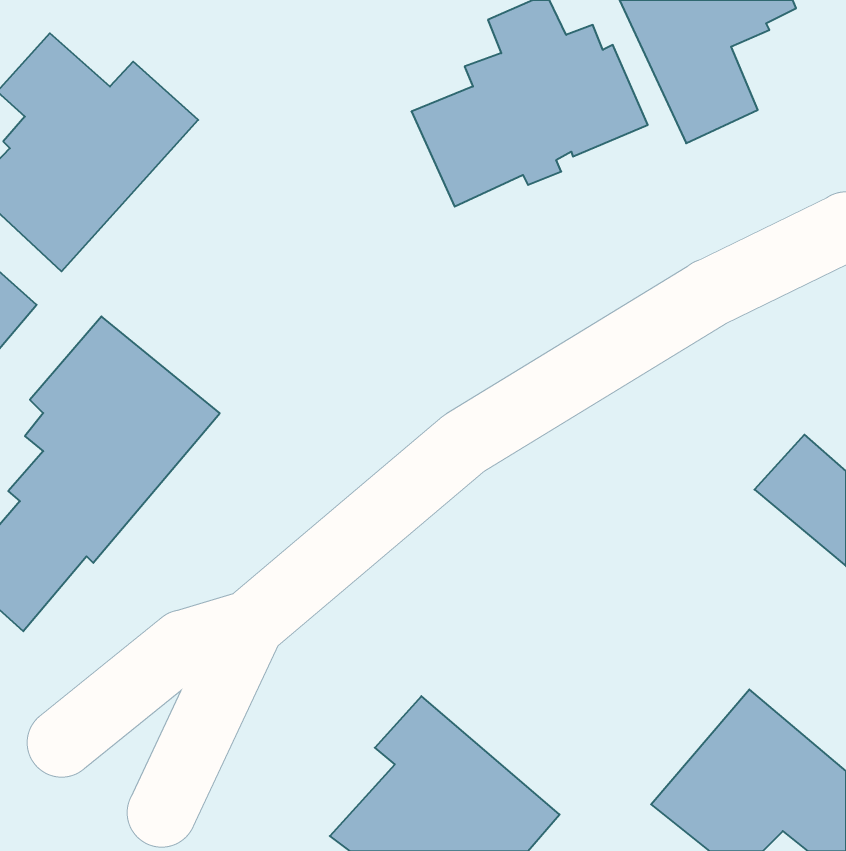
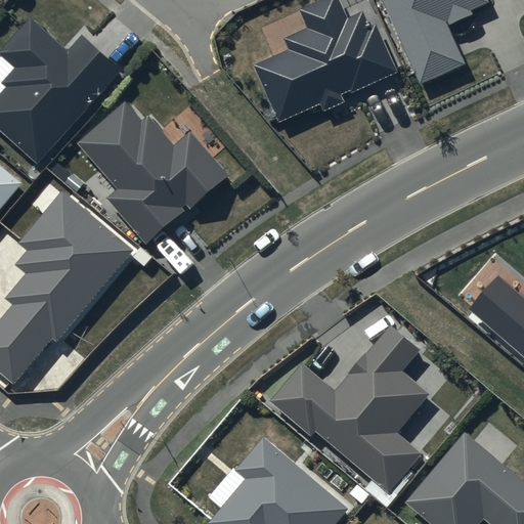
building: none -> [77,104,229,249]
building: none -> [265,317,425,486]

